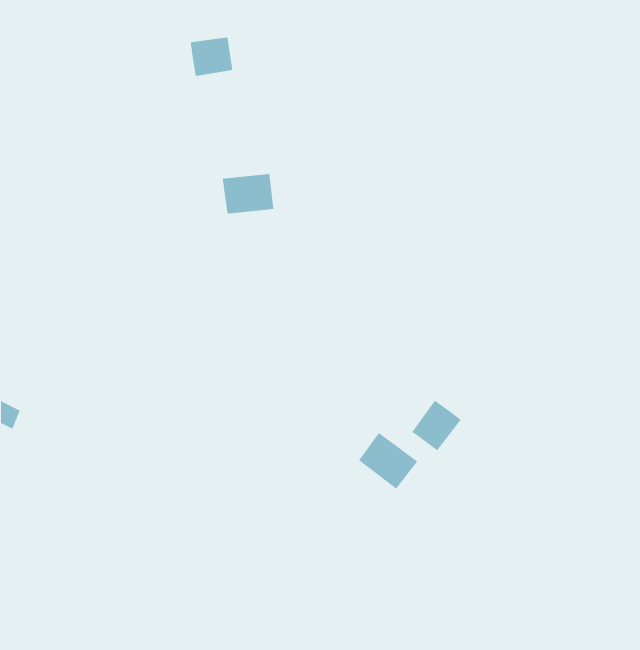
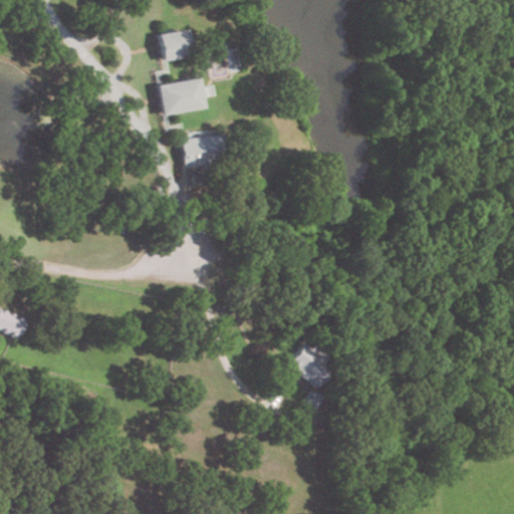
building: none -> [161,78,206,114]
building: [412,400,461,451] -> none

